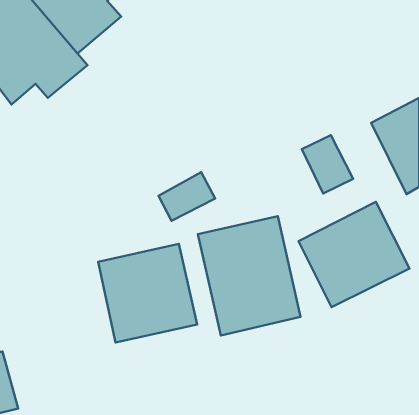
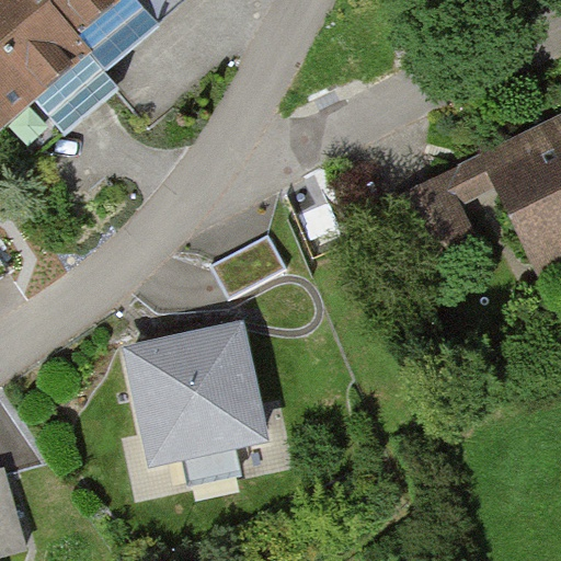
building: [298,202,409,307] -> none
building: [198,216,301,336] -> none

